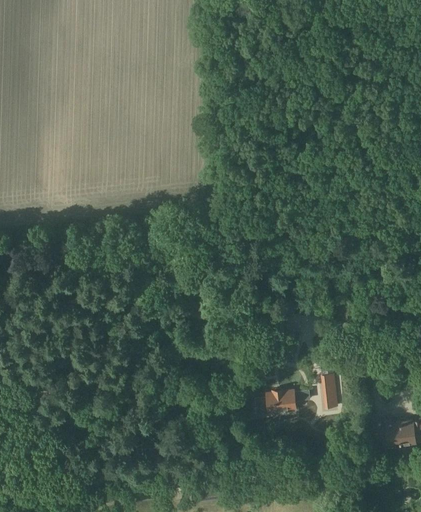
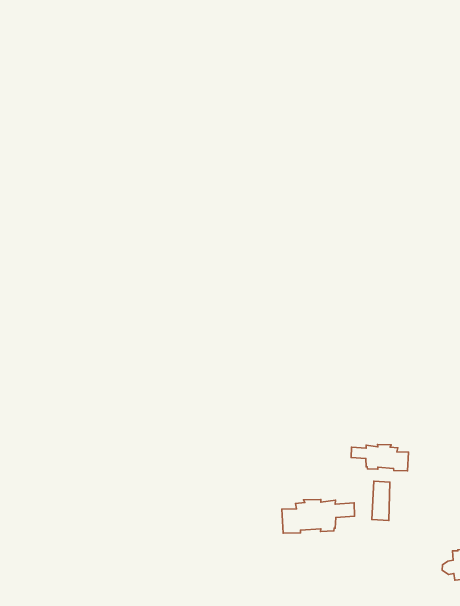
building: none -> [351,445,408,471]

